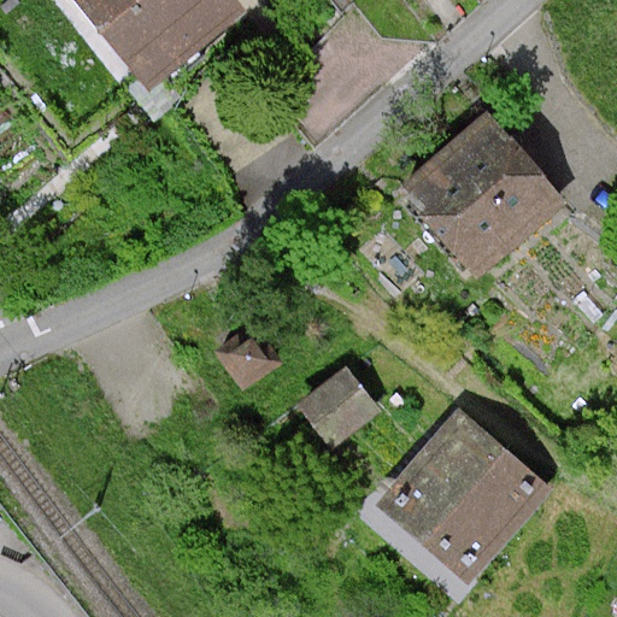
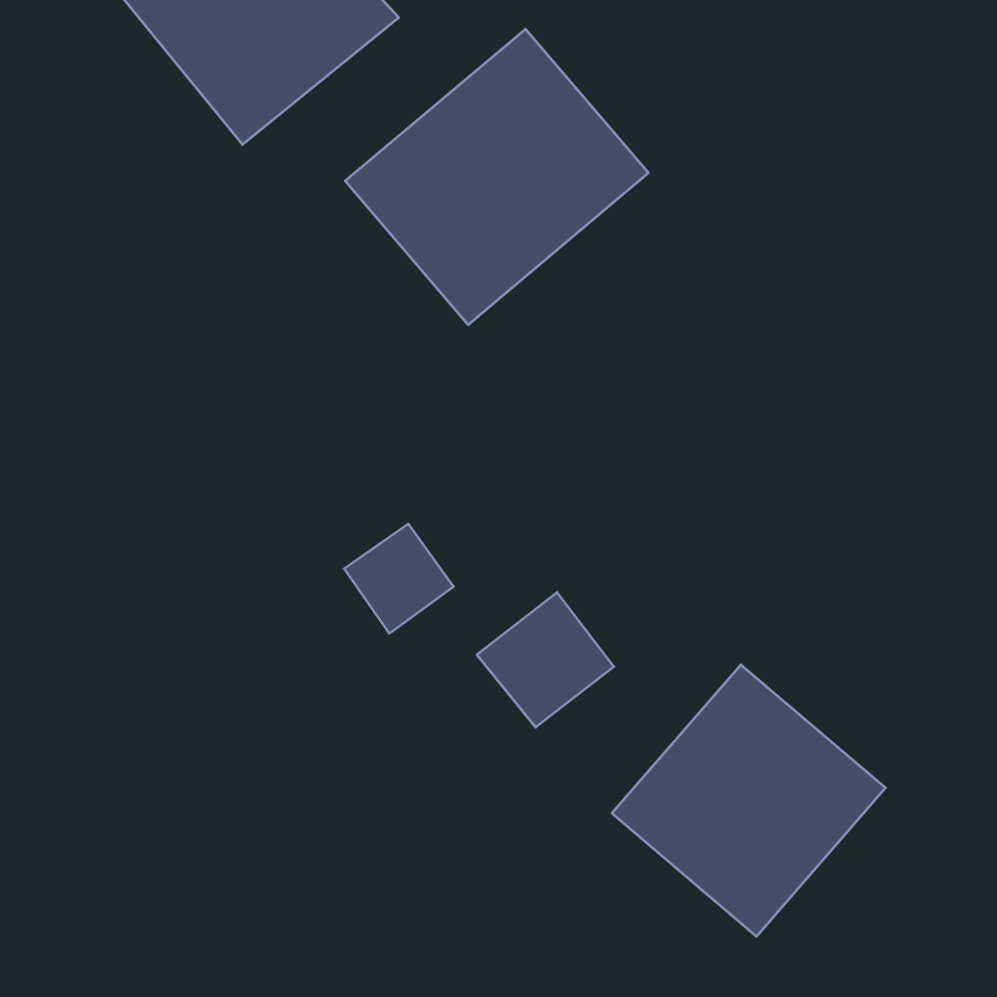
building: none -> [345,29,648,325]
building: [396,112,565,280] -> none

